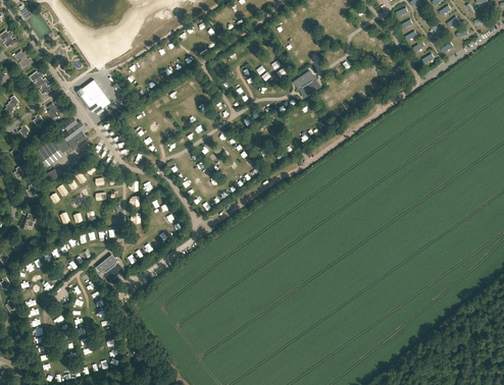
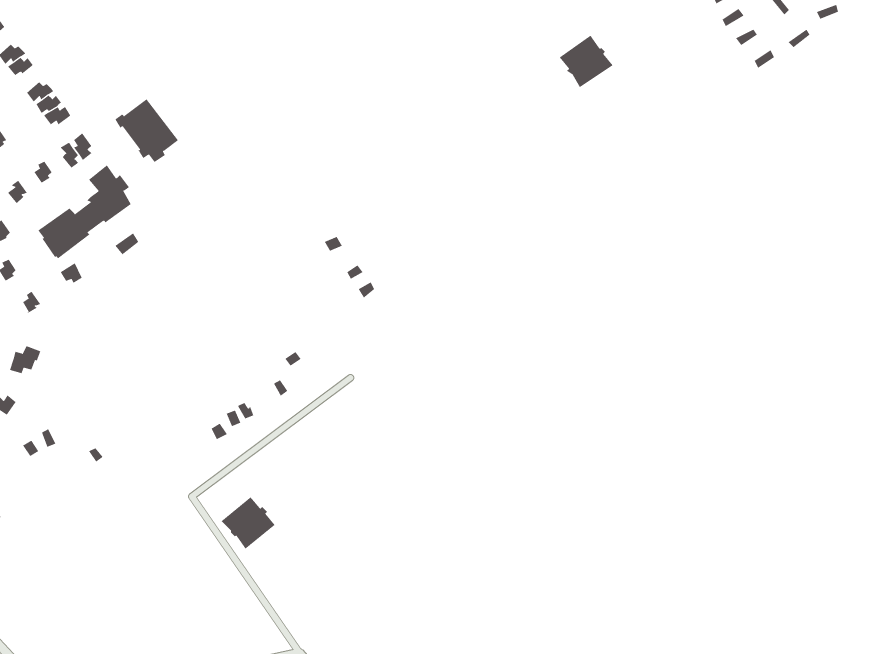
building: [292,70,321,99] -> [559,35,613,88]
building: [95,256,124,284] -> [221,497,275,549]

